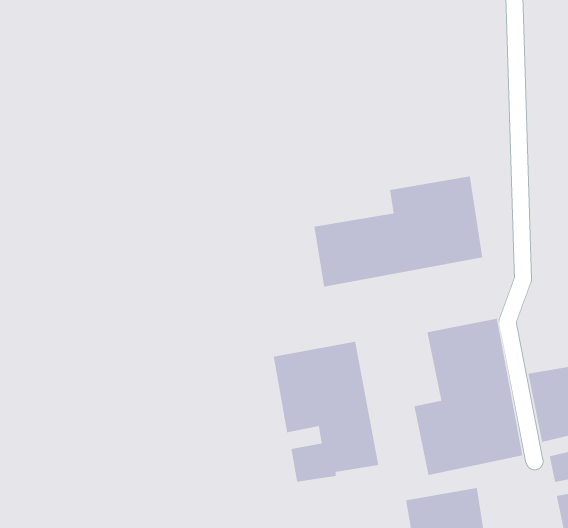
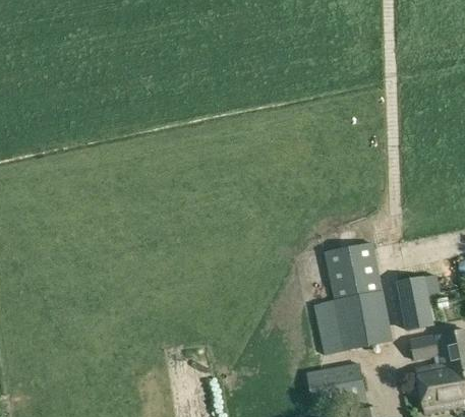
building: [313,175,483,288] -> none
building: [273,341,379,483] -> none

